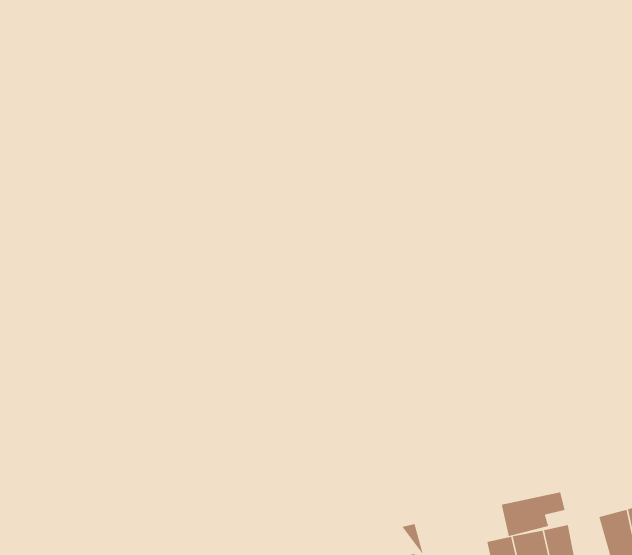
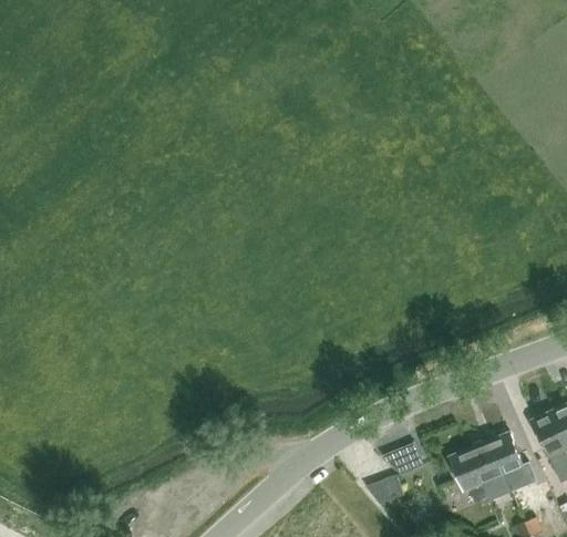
building: [501,491,565,537] -> none

